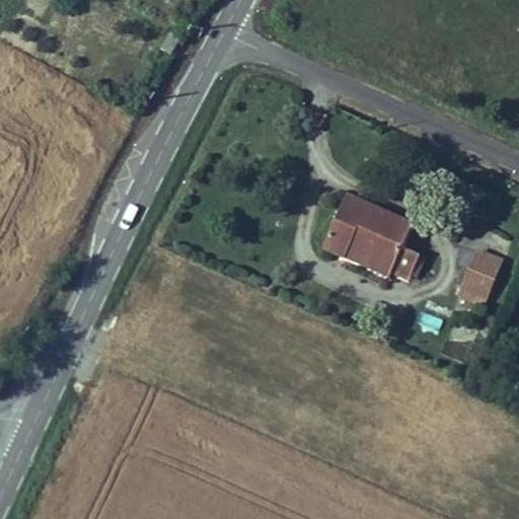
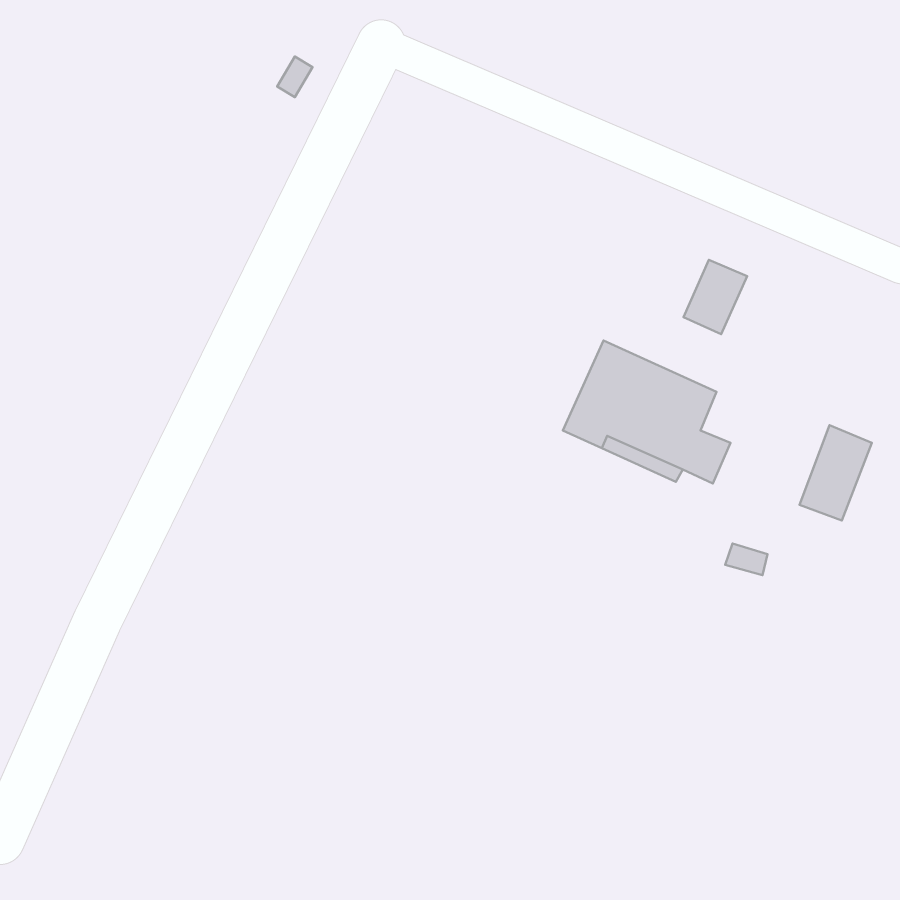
building: none -> [684,260,747,334]

